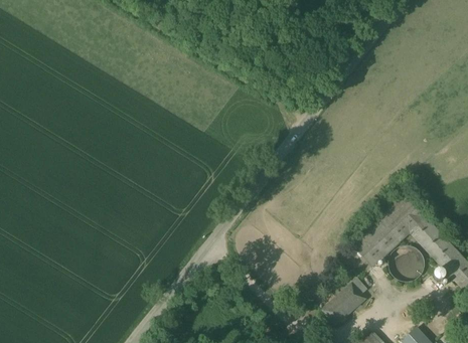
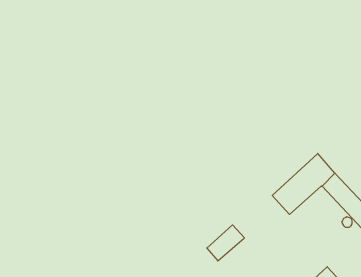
building: [389,242,426,279] -> none
building: [323,280,367,322] -> [207,225,244,261]

